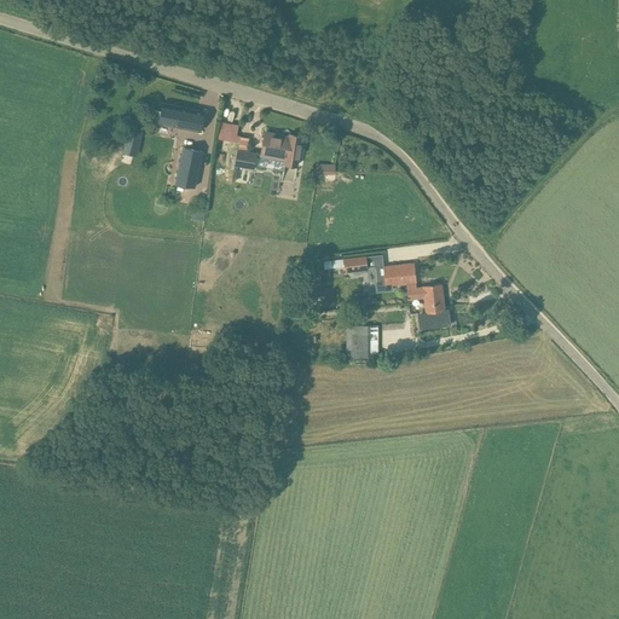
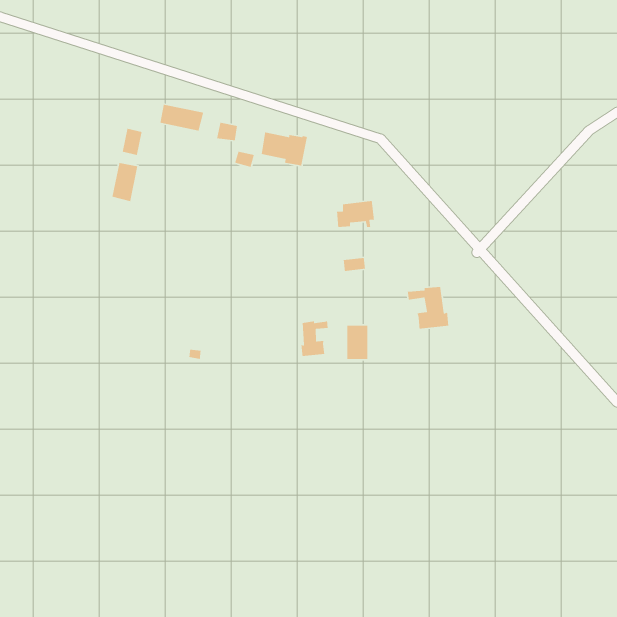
building: [175,147,202,187] -> [112,162,138,202]
building: [377,264,416,291] -> [336,200,375,228]
building: none -> [300,320,329,357]

